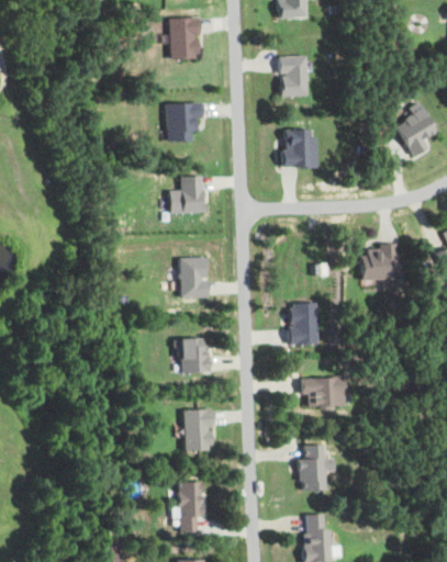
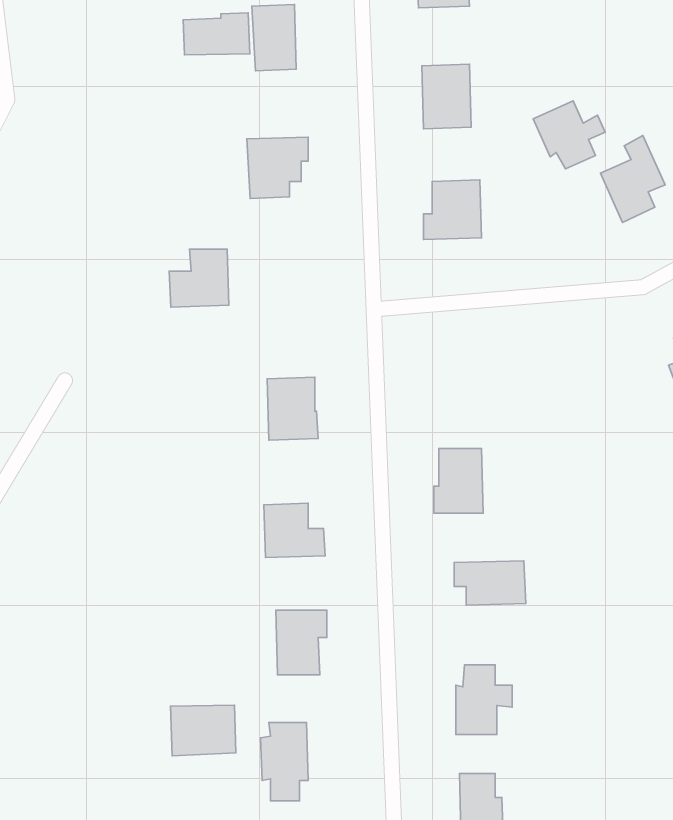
building: none -> [183,13,250,55]
building: none -> [533,101,605,169]
building: [168,177,206,214] -> [169,249,229,307]
building: [358,245,400,281] -> none
building: none -> [171,705,236,756]

